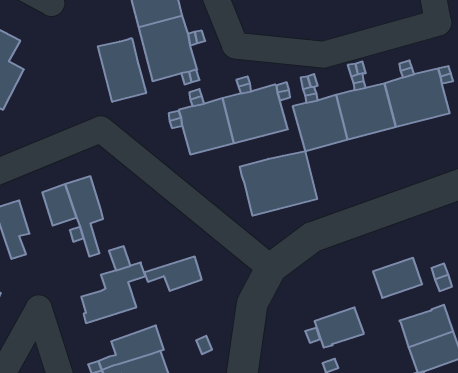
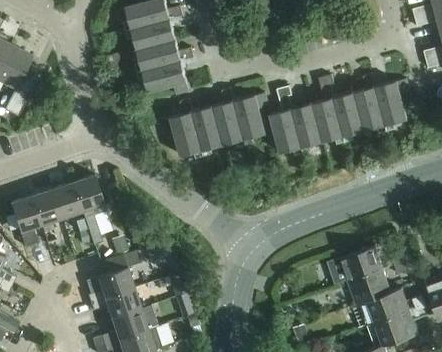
building: [98,38,146,102] -> none
building: [240,151,317,216] -> none
building: none -> [32,189,61,243]
building: [144,257,202,291] -> [90,289,140,319]
building: [314,307,364,348] -> [348,269,391,304]

